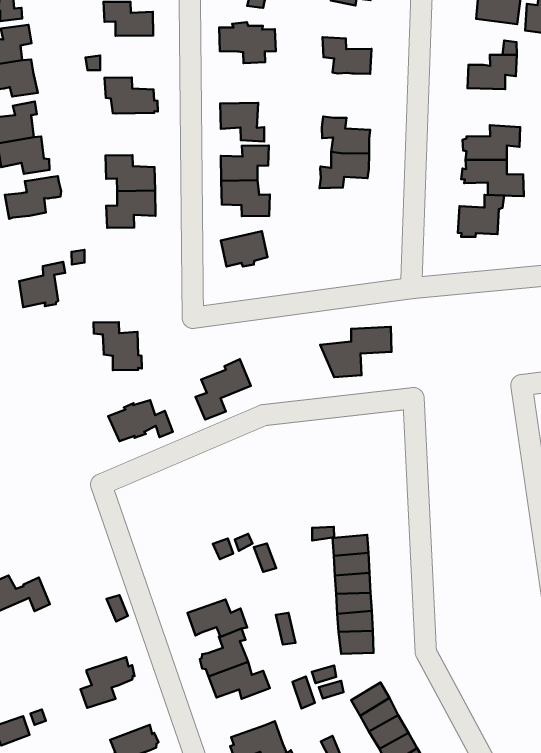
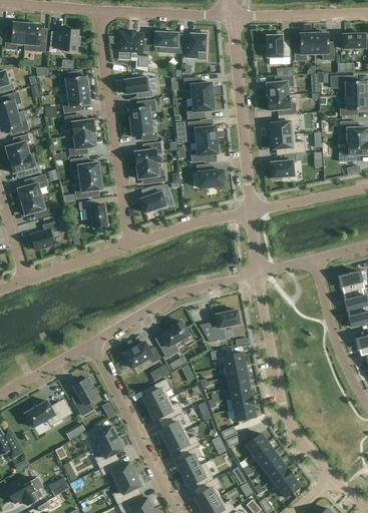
building: none -> [62,89,90,113]
building: none -> [128,99,155,122]
building: none -> [186,95,214,117]
building: none -> [267,94,296,115]
building: none -> [68,132,96,155]
building: none -> [197,164,224,187]
building: none -> [21,195,50,217]
building: [94,322,142,370] -> [79,200,109,227]
building: [320,327,391,377] -> [200,310,240,342]
building: [195,359,251,420] -> [159,321,190,357]
building: [108,400,173,441] -> [122,343,159,368]
building: none -> [73,378,96,409]
building: none -> [141,379,170,408]
building: none -> [84,426,117,447]
building: none -> [175,446,202,474]
building: none -> [100,461,135,484]

